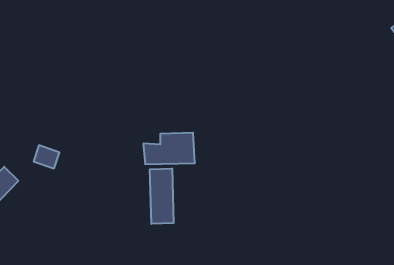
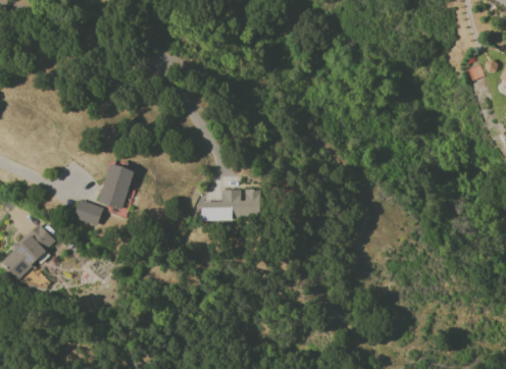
building: none -> [98,163,135,211]
building: [150,168,174,224] -> none

